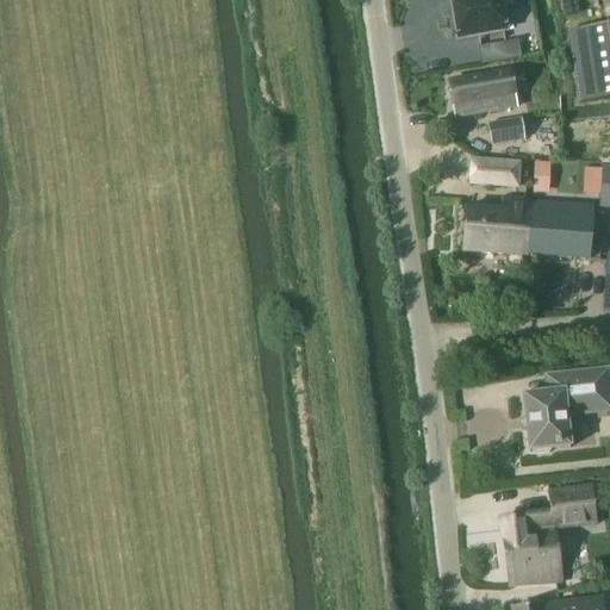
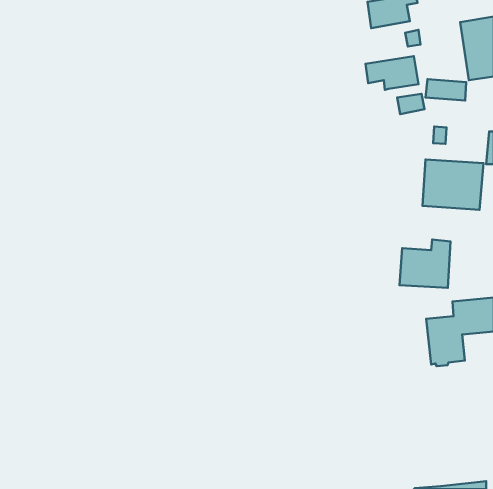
building: [471,156,521,182] -> [425,79,466,100]
building: [462,194,525,254] -> [399,240,451,288]
building: [502,484,597,584] -> none

